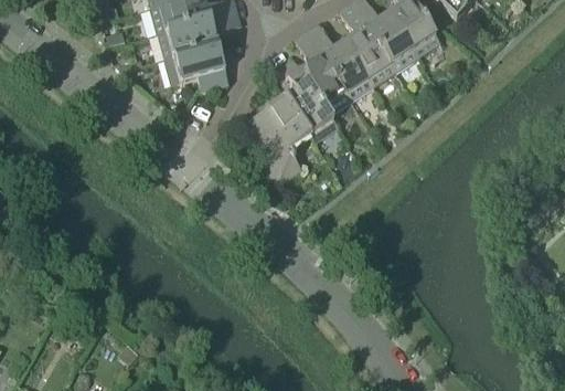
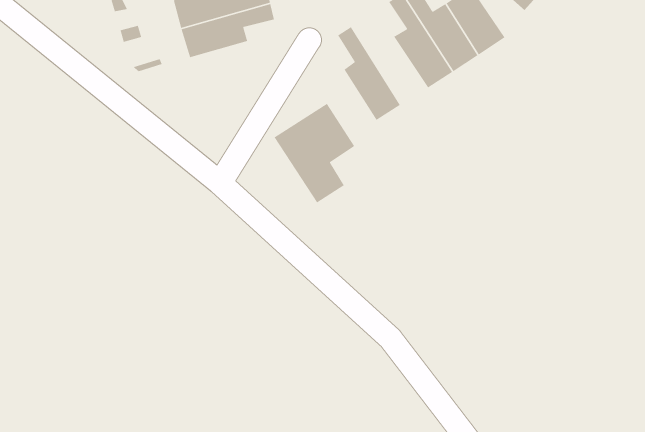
building: [306,24,372,101] -> none
building: [166,45,227,93] -> none
building: [280,60,337,144] -> none

